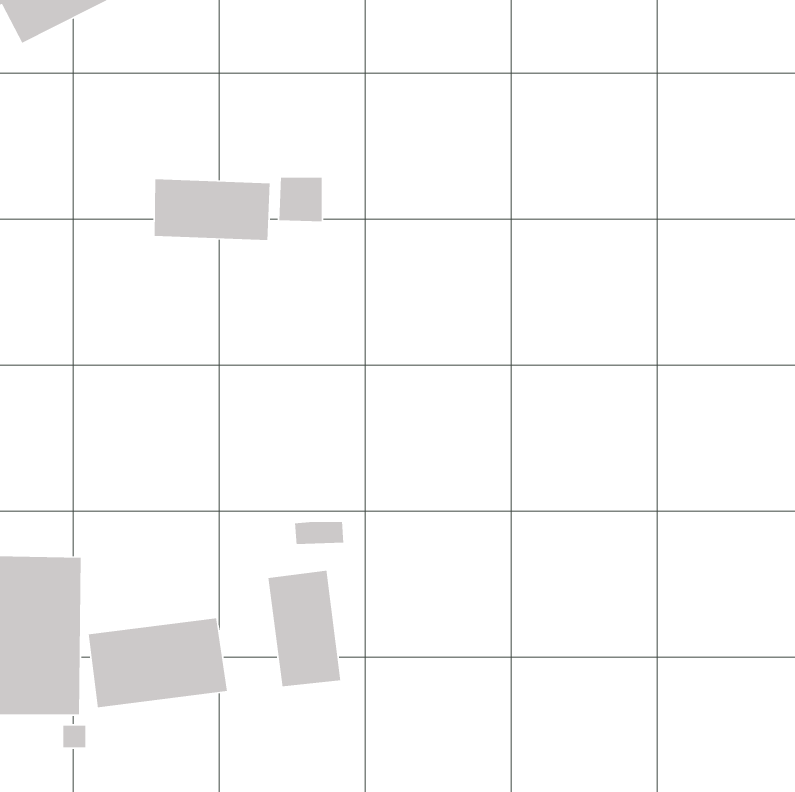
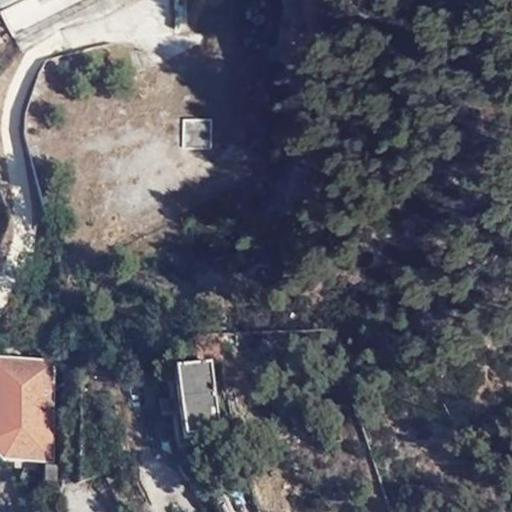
building: [154,179,271,241] -> none
building: [88,618,228,708] -> none

